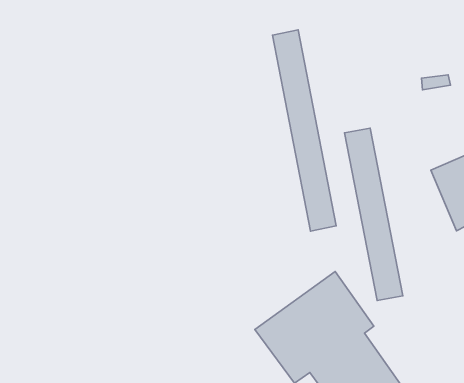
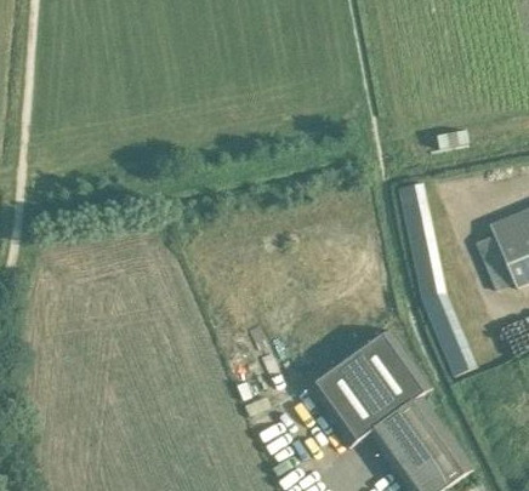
building: [273,30,336,231] -> none

